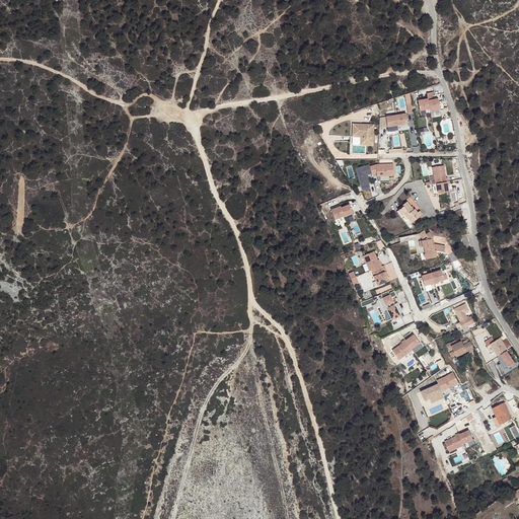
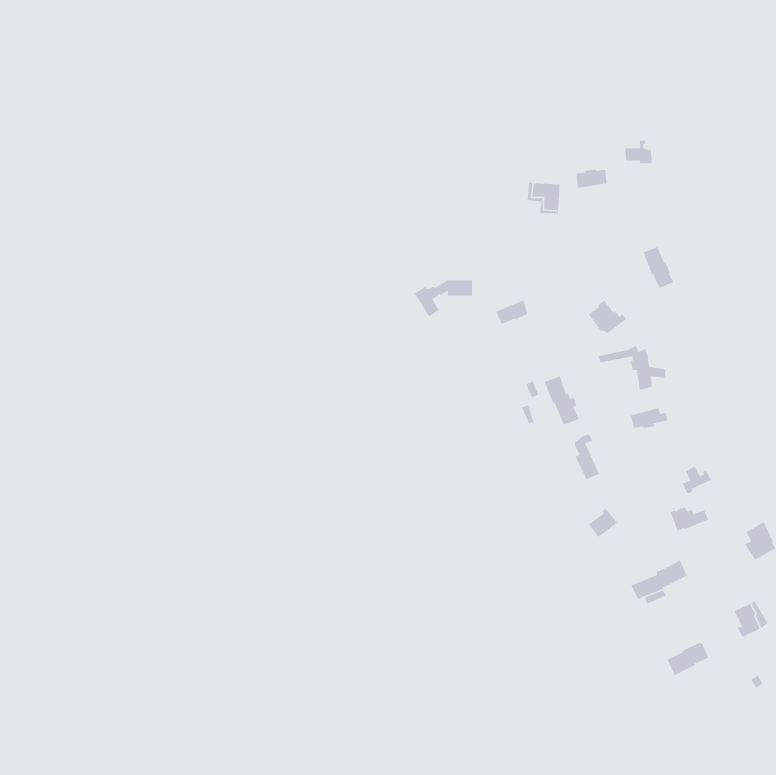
building: [352,164,391,190] -> [414,280,473,318]

